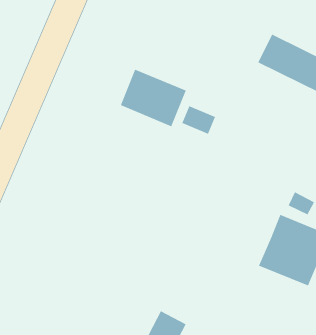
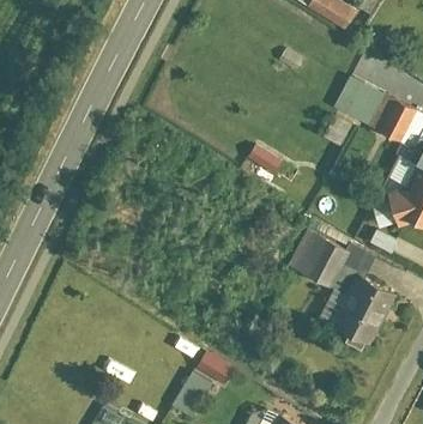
building: [120,69,186,127] -> none
building: none -> [288,231,351,291]

